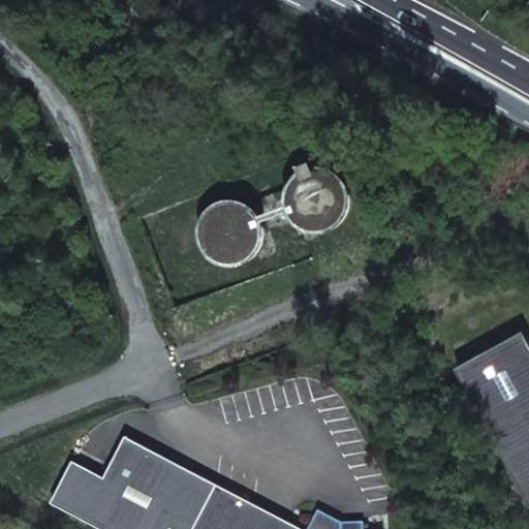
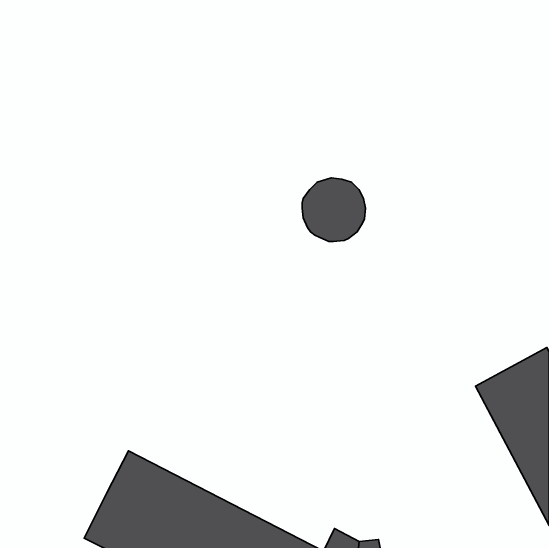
building: [203,207,263,268] -> none
building: [48,459,102,519] -> none

